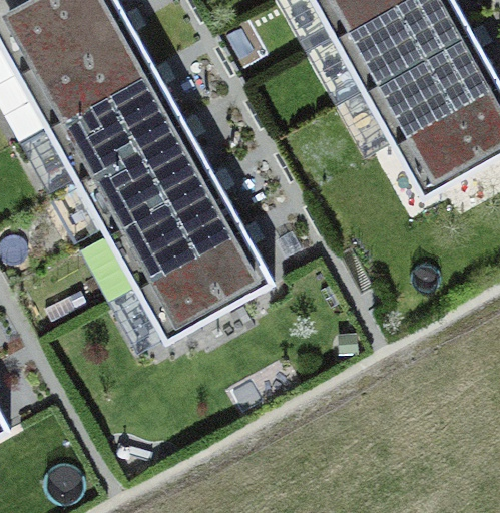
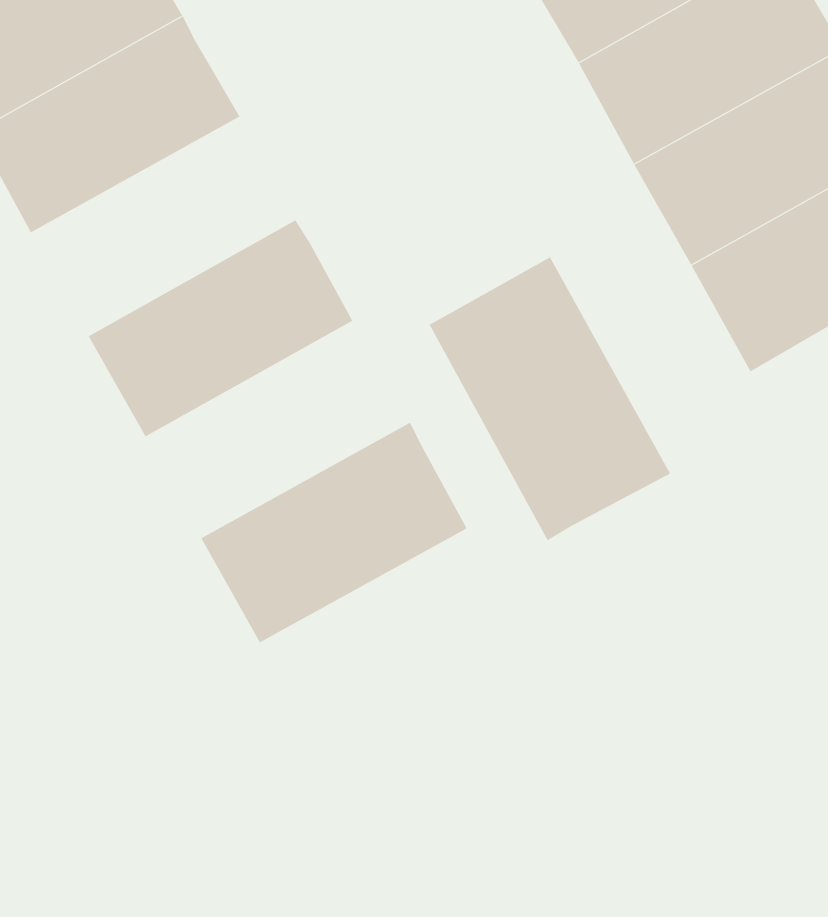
building: [40,62,179,177] -> none
building: none -> [429,257,671,541]
building: [100,169,239,284] -> none

